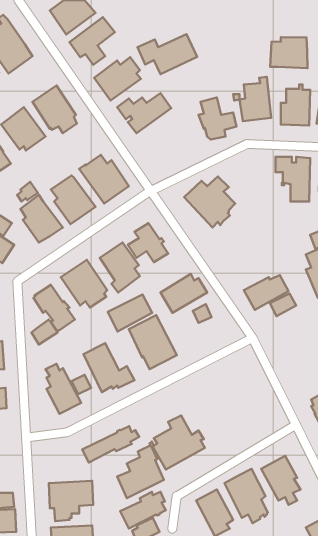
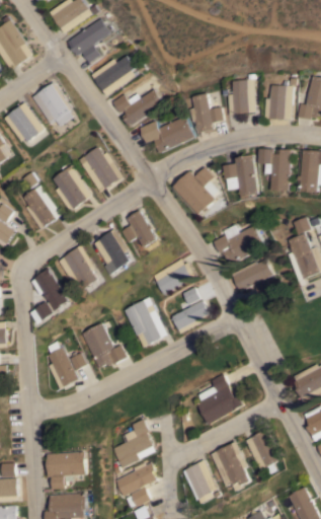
building: [138,34,197,74] -> [139,115,194,152]
building: [270,37,307,68] -> none
building: none -> [224,154,259,197]
building: none -> [213,224,263,264]
building: [108,295,152,331] -> [170,299,212,333]
building: [150,415,205,470] -> [192,373,244,424]
building: [82,426,139,463] -> none

